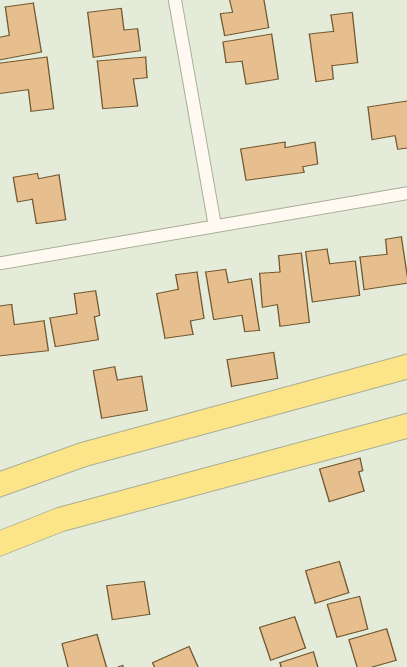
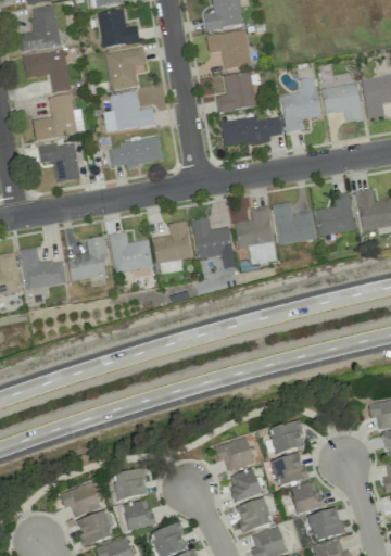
building: [309,13,358,82] -> [281,77,320,132]
building: none -> [216,71,256,113]
building: none -> [104,91,155,131]
building: none -> [34,93,85,139]
building: none -> [110,136,164,166]
building: [227,352,278,387] -> none
building: [93,367,147,418] -> [109,231,152,273]
building: [320,458,364,502] -> [268,420,304,455]
building: none -> [215,437,254,470]
building: none -> [228,468,261,502]
building: none -> [61,482,101,516]
building: none -> [123,498,155,531]

